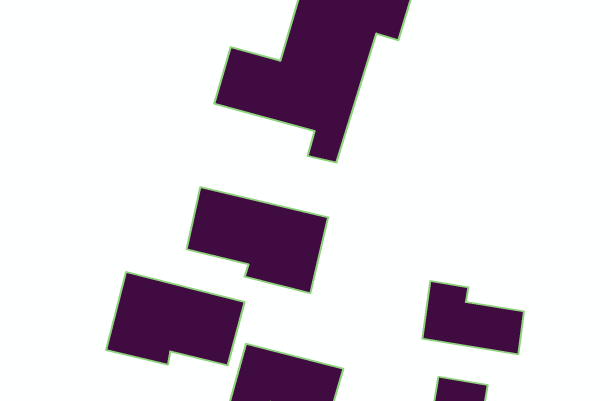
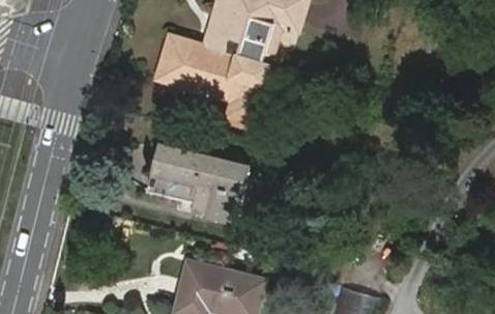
building: [106,272,244,365] -> none
building: [422,281,524,354] -> none

